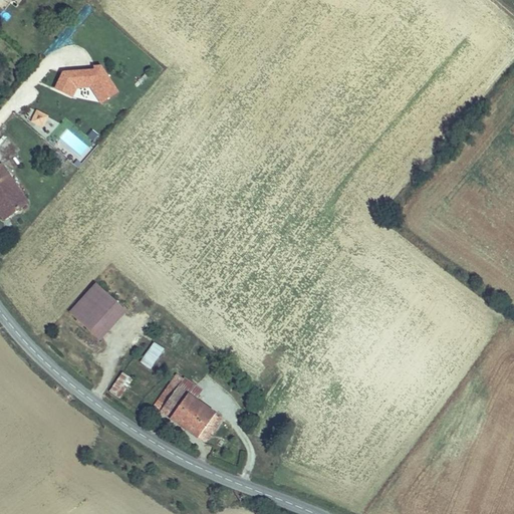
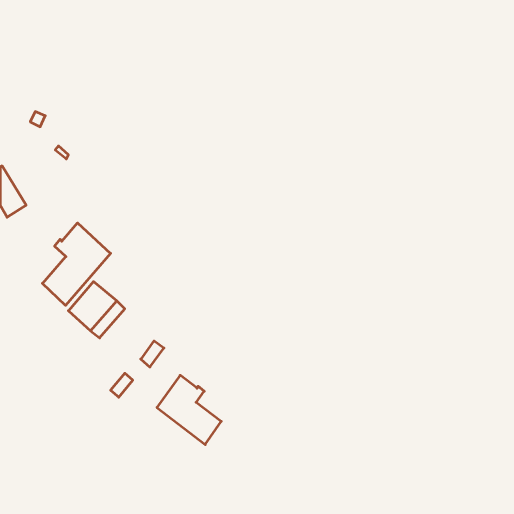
building: [55,65,115,100] -> none
building: none -> [42,223,111,305]

